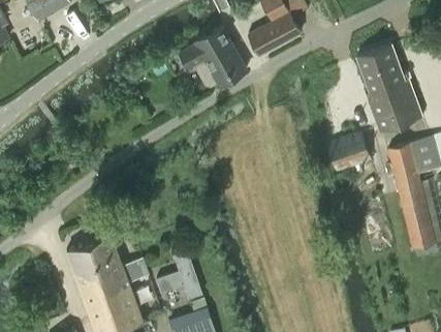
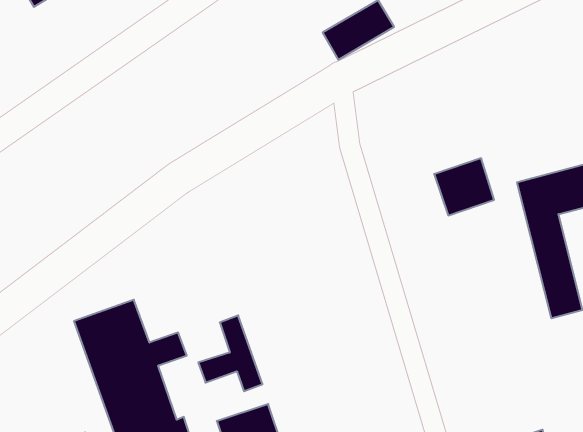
building: [179,25,246,84] -> none
building: [355,43,421,130] -> none

